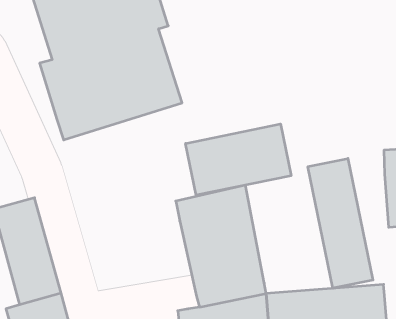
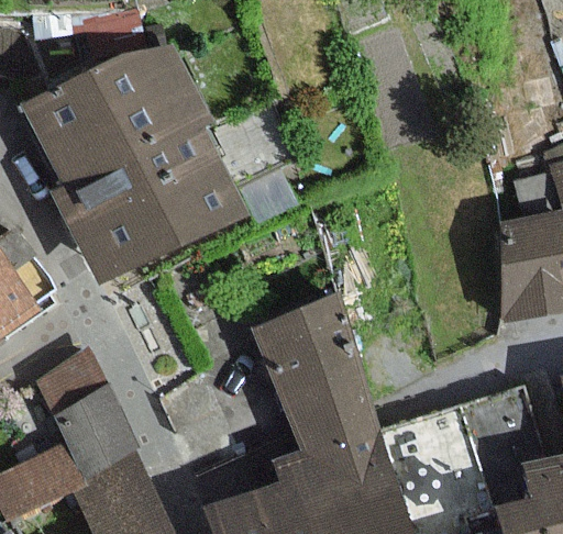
building: [186,124,291,195] -> none
building: [308,158,373,288] -> none

